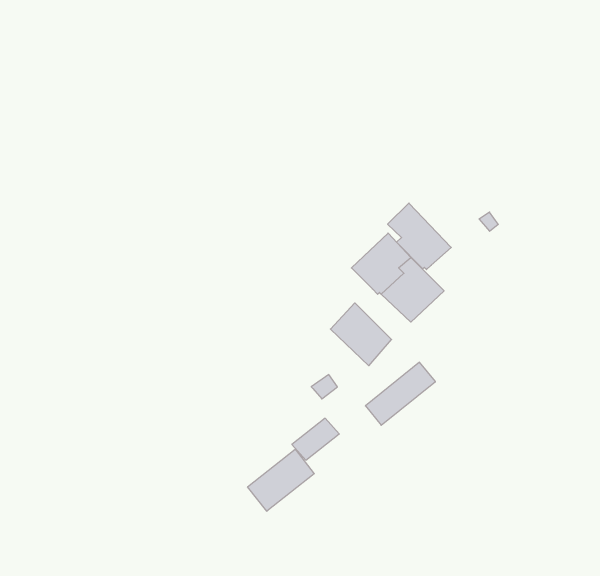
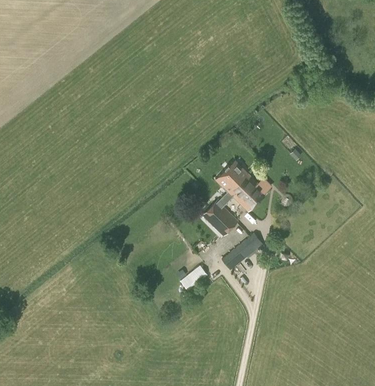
building: [388,203,451,270] -> none
building: [248,449,314,511] -> none

